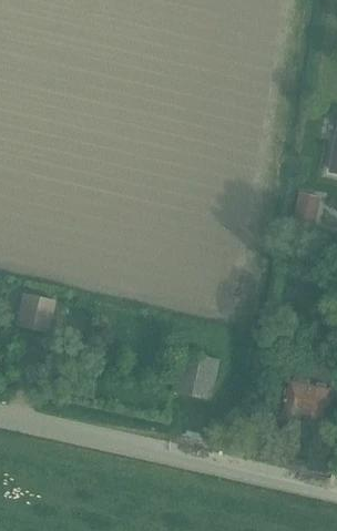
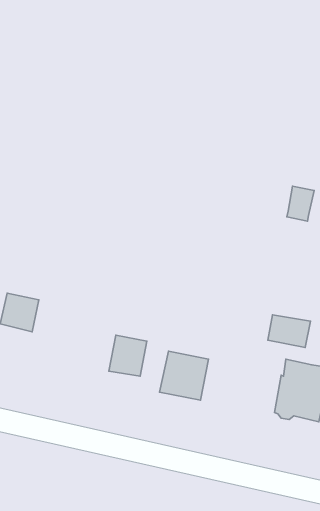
building: none -> [268,315,310,347]
building: none -> [109,335,147,376]

